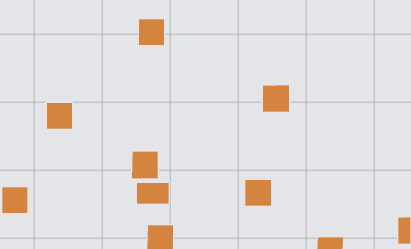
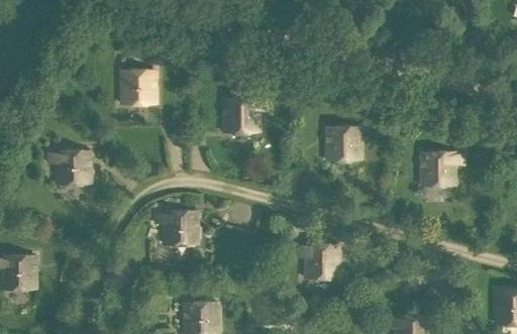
building: [138,19,165,46] -> [123,70,157,103]
building: none -> [225,99,260,132]
building: none -> [422,153,455,187]
building: [136,182,169,205] -> none

